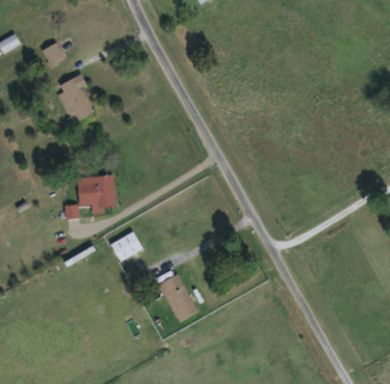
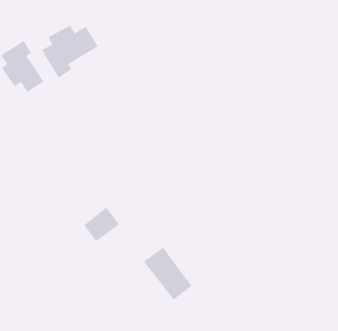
building: none -> [41,24,99,79]
building: [78,175,115,207] -> none

